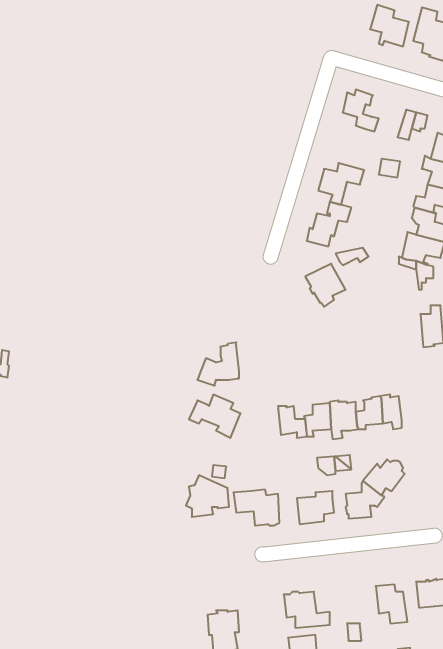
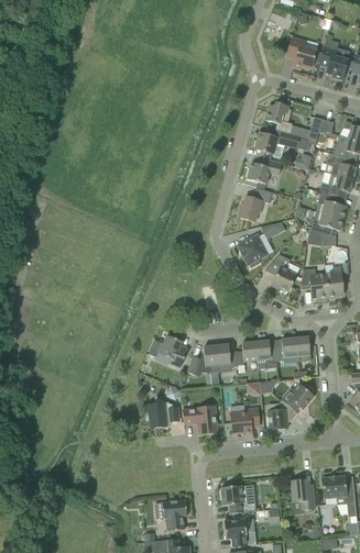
building: none -> [254,131,307,157]
building: none -> [264,254,296,291]
building: none -> [299,268,327,299]
building: [197,342,239,386] -> [186,343,218,376]

